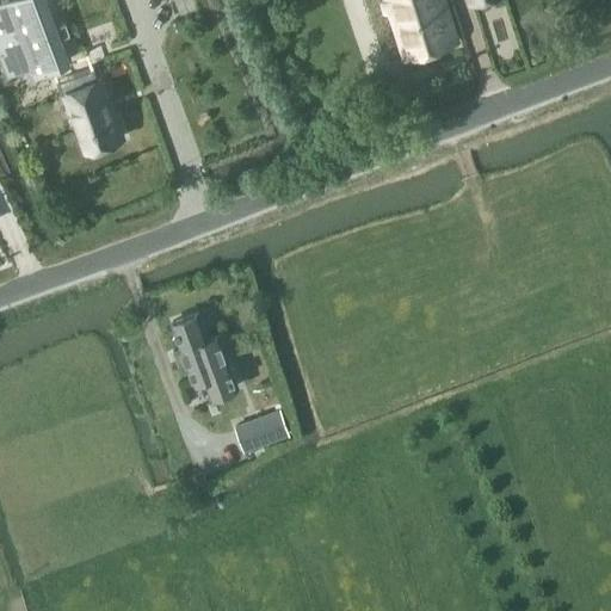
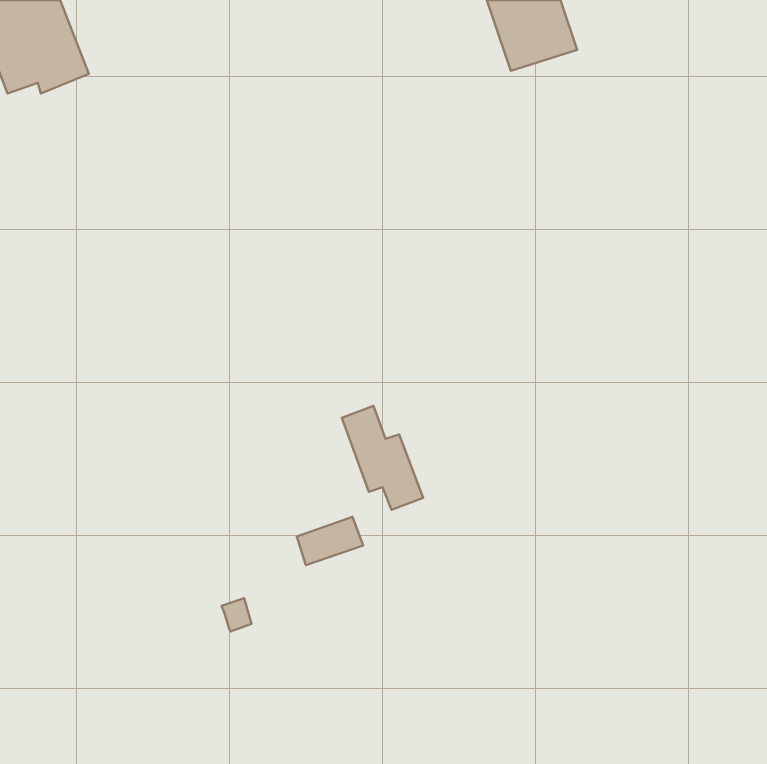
building: [60,73,121,150] -> none
building: [172,316,236,399] -> [342,406,423,510]

